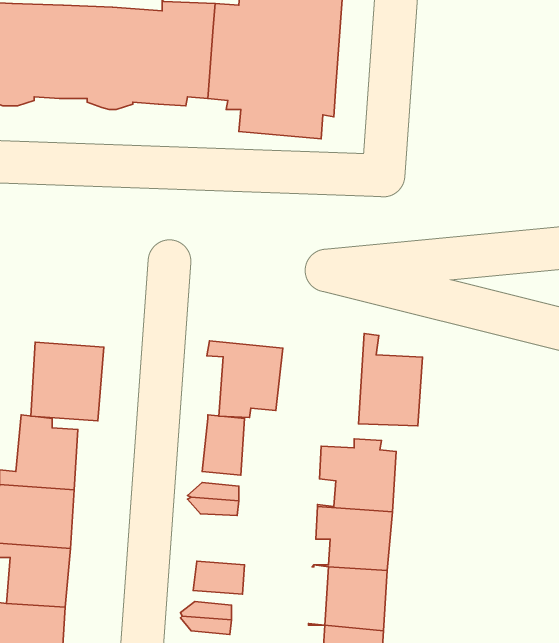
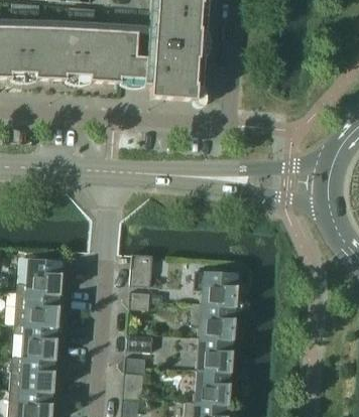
building: [358,333,423,426] -> none
building: [207,341,283,418] -> none
building: [31,342,104,421] -> none

